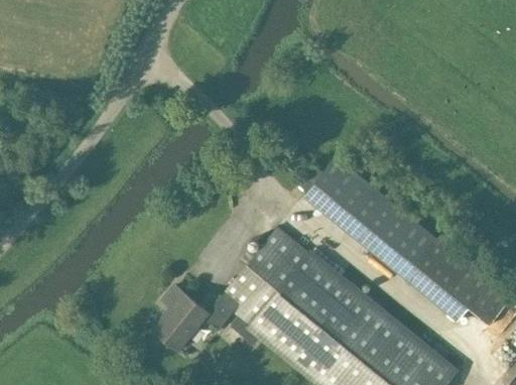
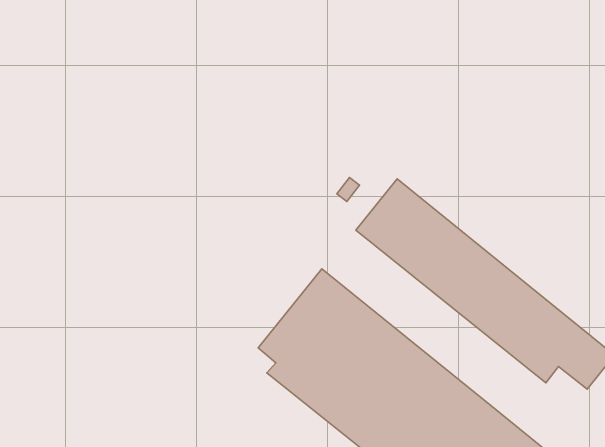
building: [152,285,240,350] -> none

